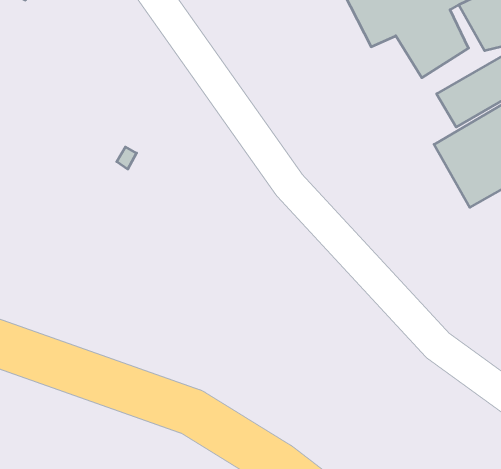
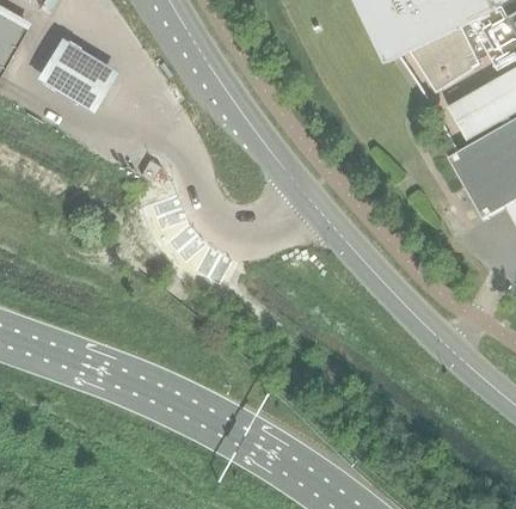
building: none -> [38,36,119,111]

